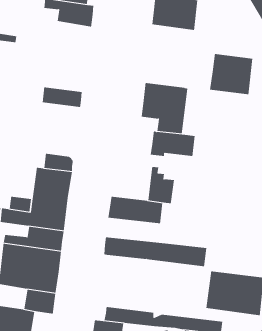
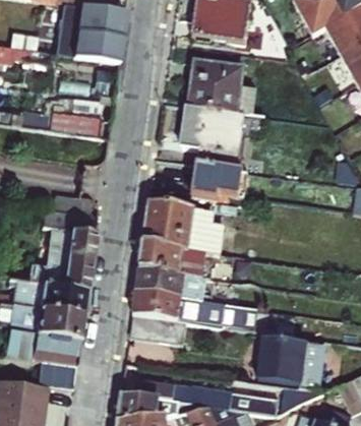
building: none -> [52,28,120,63]
building: [209,53,253,95] -> [185,62,239,113]
building: none -> [143,190,193,251]
building: none -> [136,272,209,303]
building: none -> [135,318,187,346]

